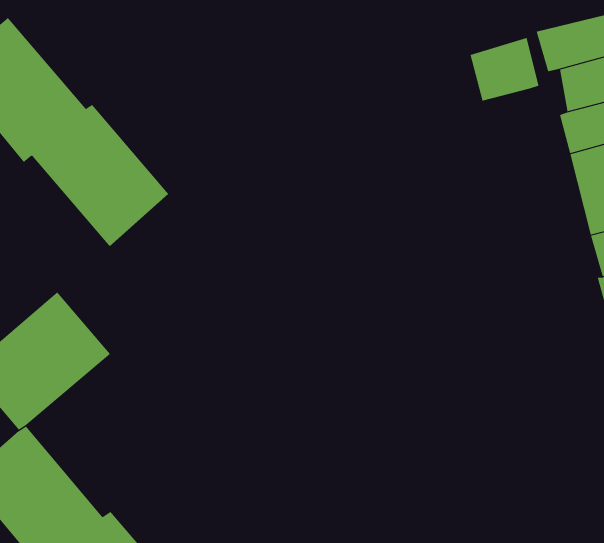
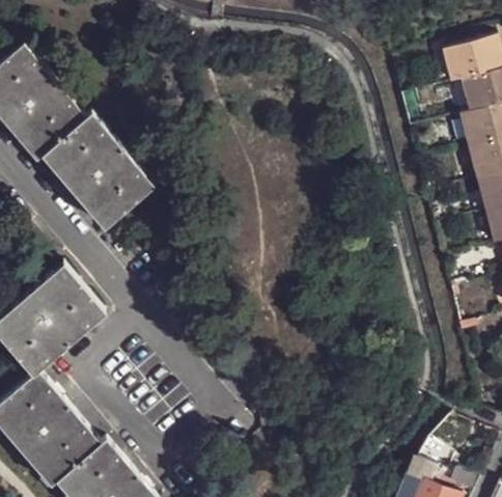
building: [470,37,539,101] -> none

